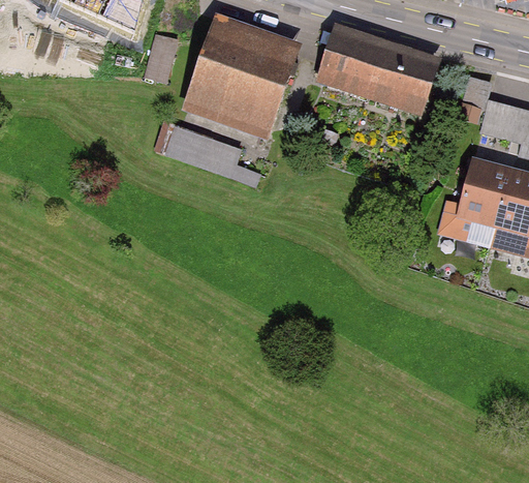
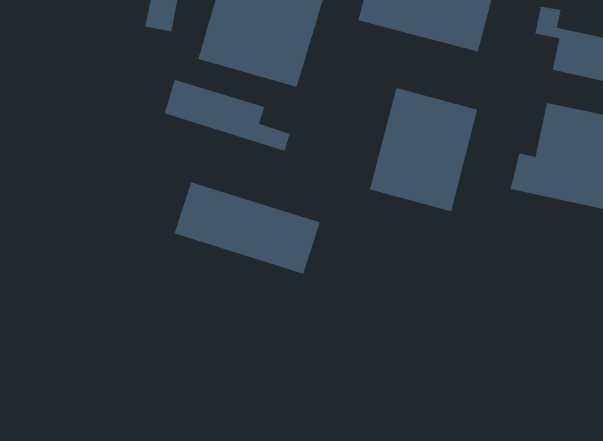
building: none -> [369,87,478,212]
building: none -> [174,181,320,275]

